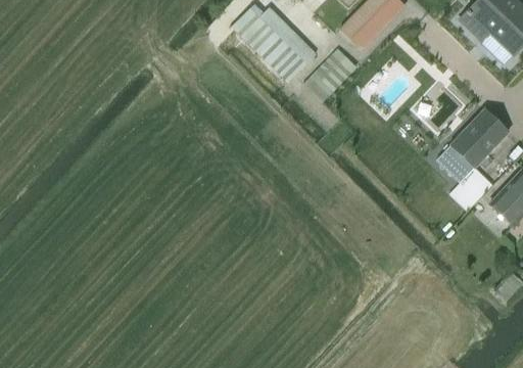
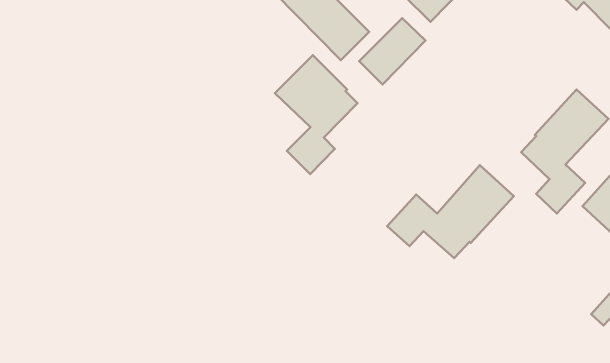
building: none -> [275,55,358,174]
building: none -> [387,165,514,258]

